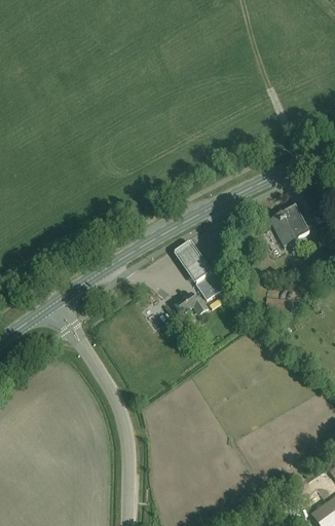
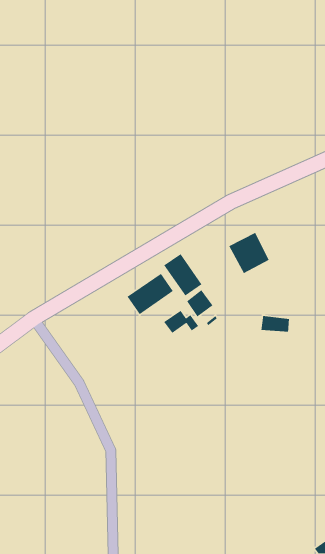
building: [269,205,308,246] -> [228,232,270,274]
building: none -> [127,273,174,315]

